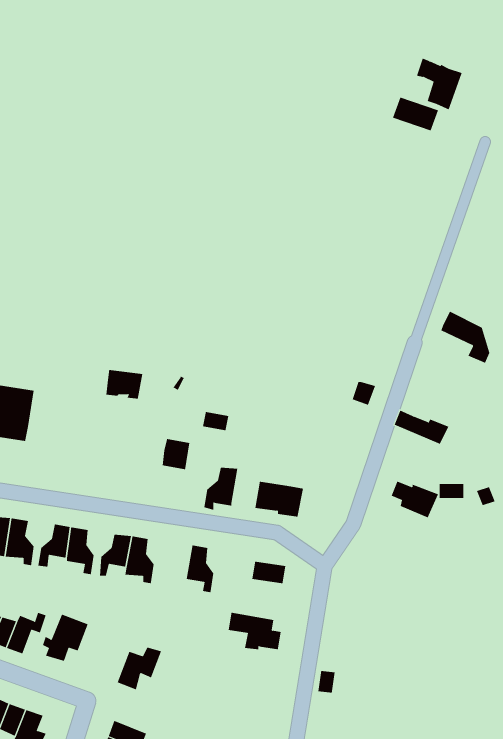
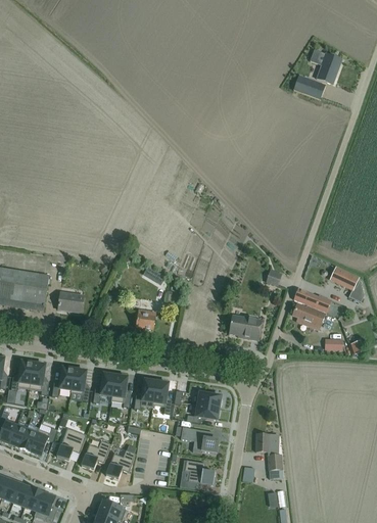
building: [441,311,490,363] -> [330,265,364,300]
building: [106,369,143,399] -> [58,291,84,312]
building: [204,467,238,511] -> [133,379,156,409]
building: [391,481,439,518] -> [292,303,325,329]
building: [255,481,304,517] -> [229,315,263,339]
building: none -> [186,403,219,422]
building: none -> [255,432,283,478]
building: none -> [81,439,111,469]
building: none -> [184,460,215,487]

